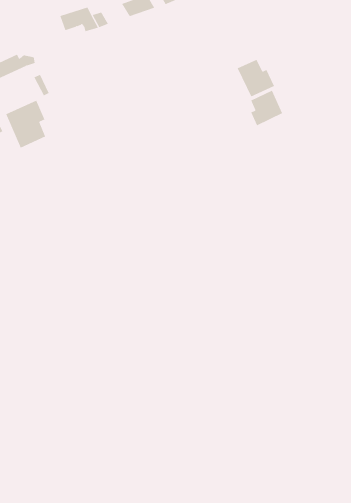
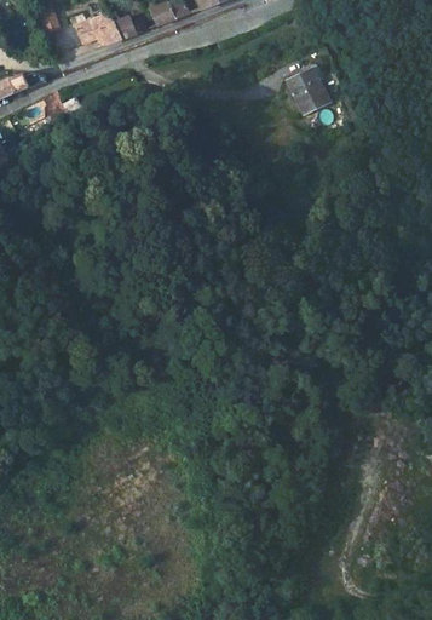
building: [250,90,283,126] -> none
building: [6,100,46,148] -> none

